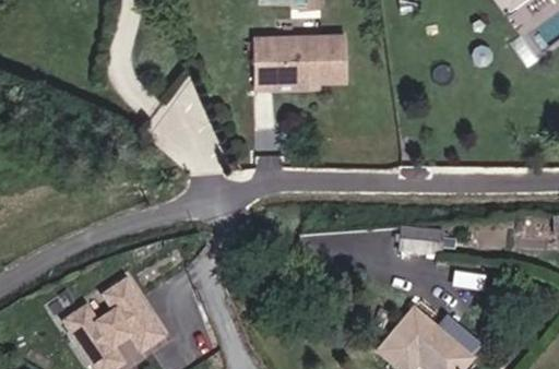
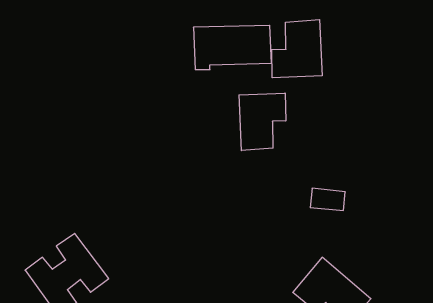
building: none -> [272,20,322,78]
building: none -> [239,93,286,151]

